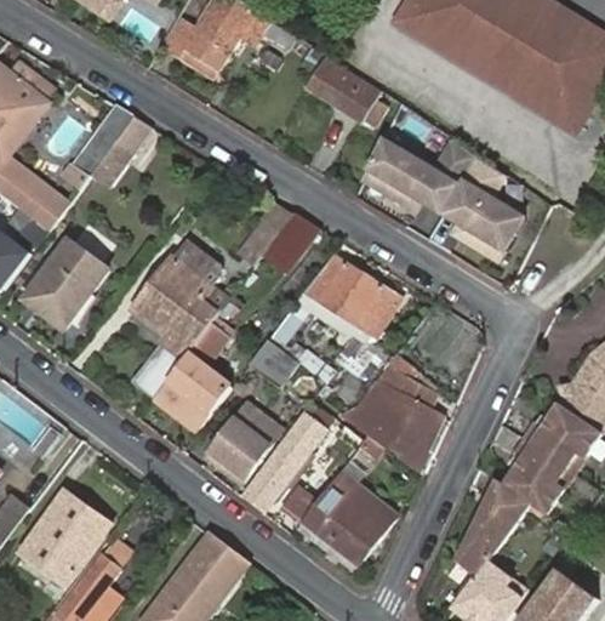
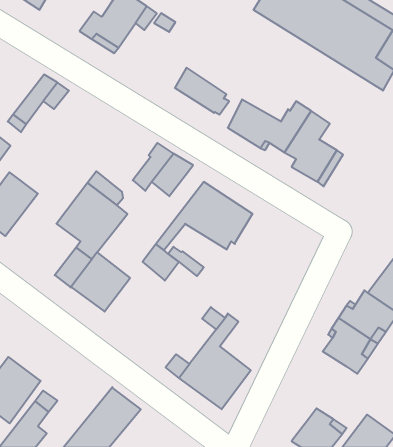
building: [310,58,384,123] -> [175,68,229,115]
building: [344,363,428,472] -> none
building: [206,403,280,482] -> none
building: [239,405,330,513] -> none
building: [455,482,529,577] -> none

